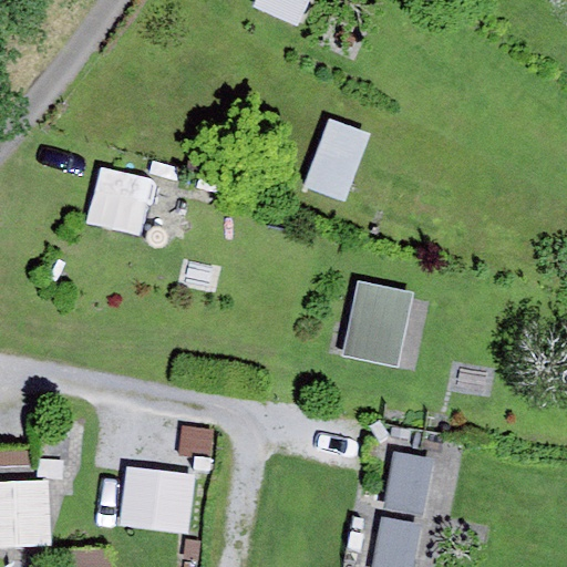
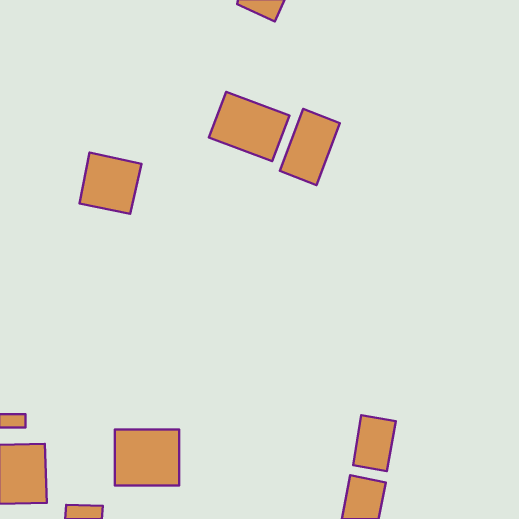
building: none -> [209,92,289,161]
building: [342,280,413,367] -> none

